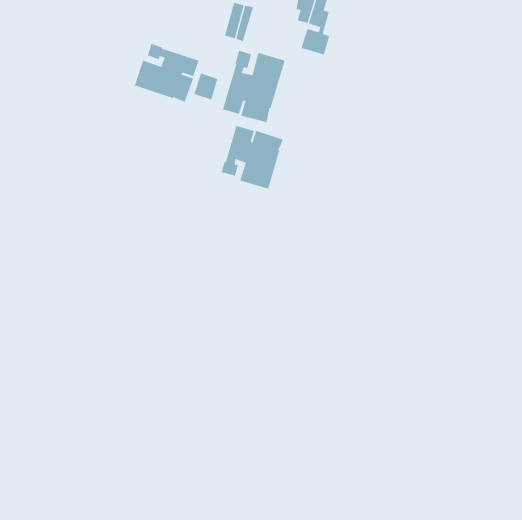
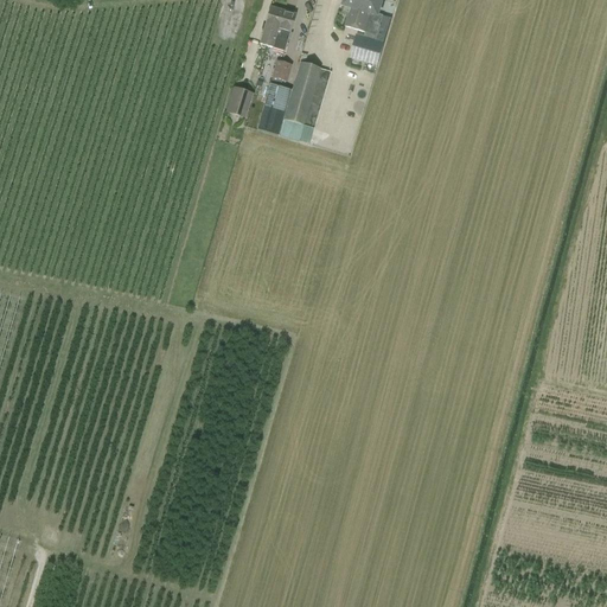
building: [134,43,199,103] -> none
building: [221,125,283,190] -> none

